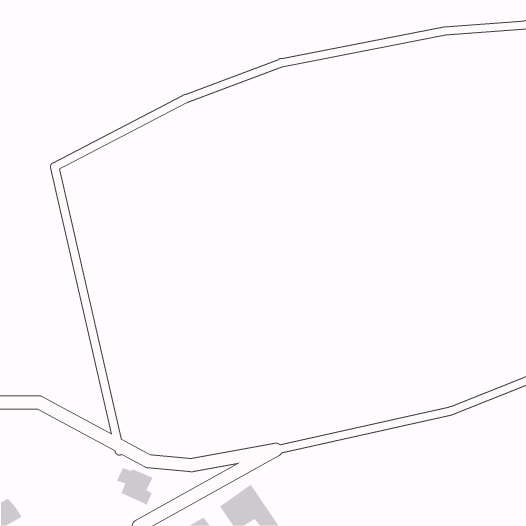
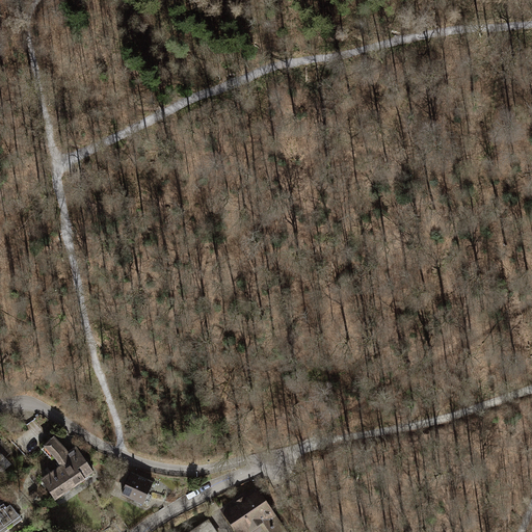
building: none -> [41,437,96,503]

